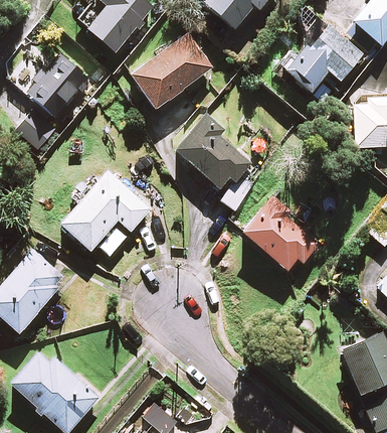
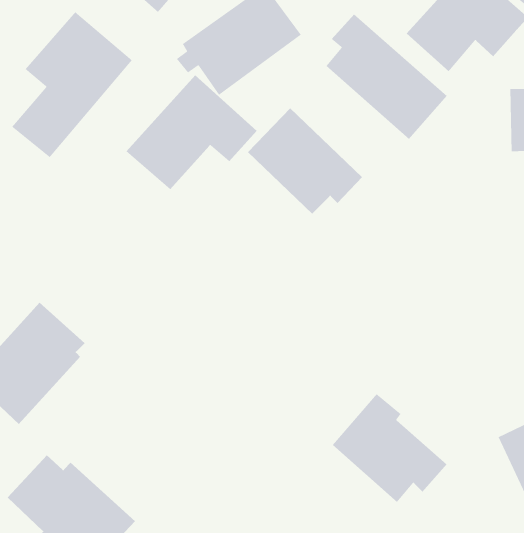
building: none -> [326,13,448,140]
building: [60,171,150,250] -> [126,75,257,190]
building: [241,195,320,270] -> [332,393,448,503]

